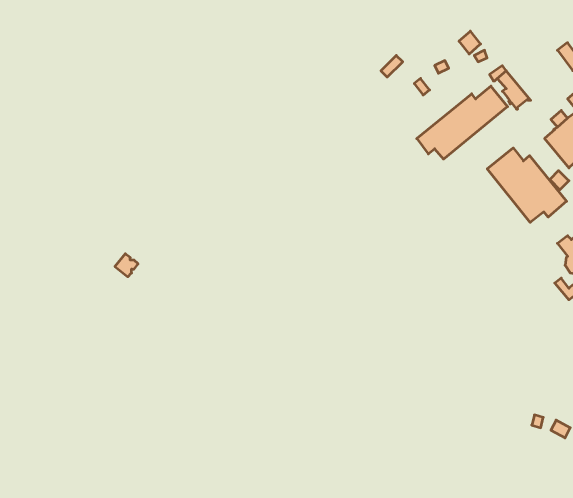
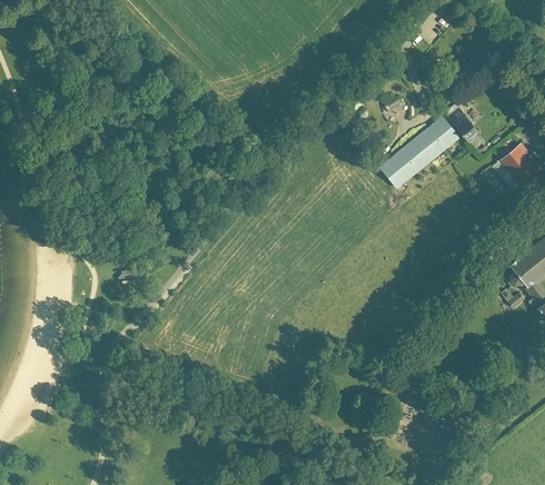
building: [487,148,567,222] -> none

